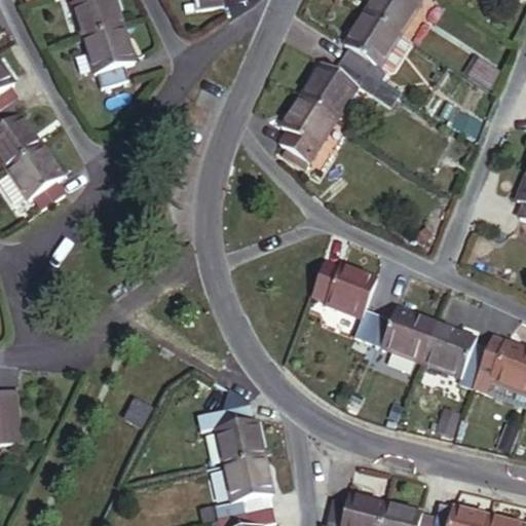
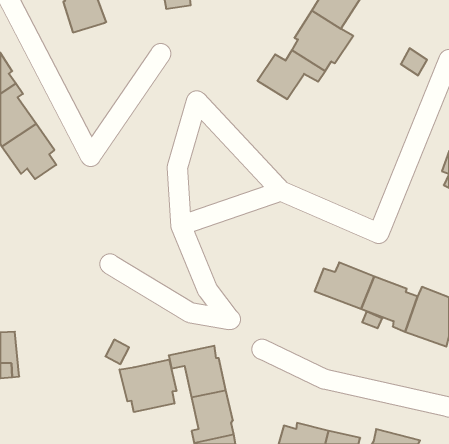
building: [85,27,134,87] -> none
building: [279,95,336,162] -> none
building: [311,264,378,341] -> none
building: none -> [120,359,176,412]

